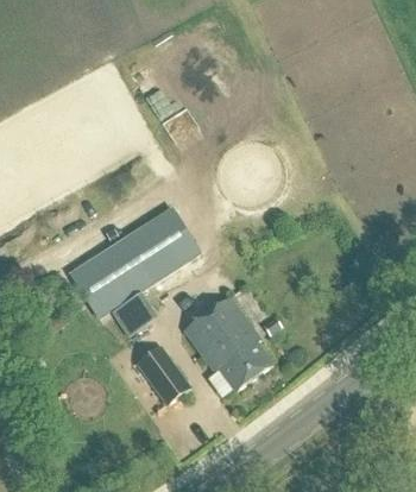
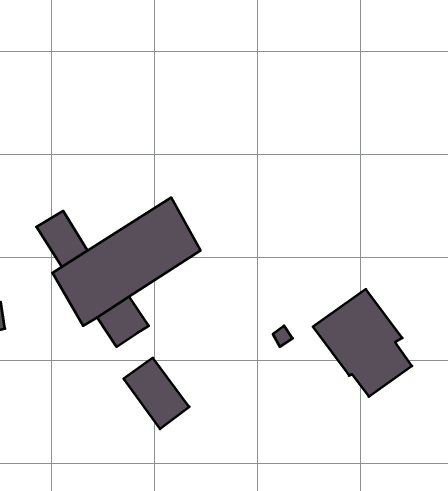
building: none -> [36,211,87,267]
building: [185,298,270,390] -> [313,289,412,397]

